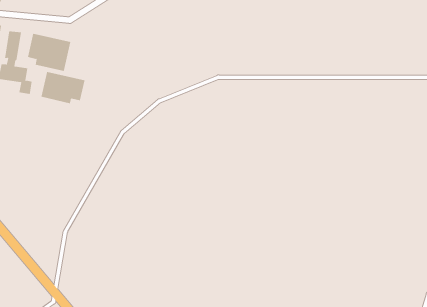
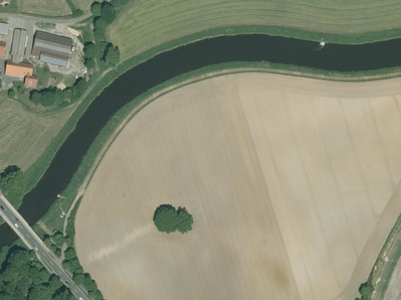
building: [41,71,85,104] -> none

